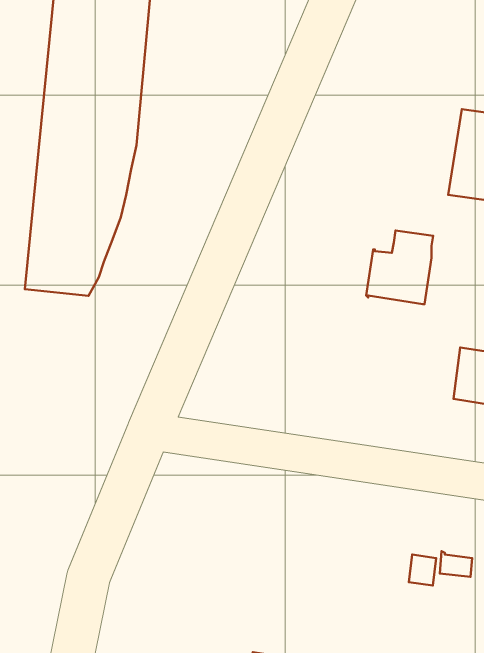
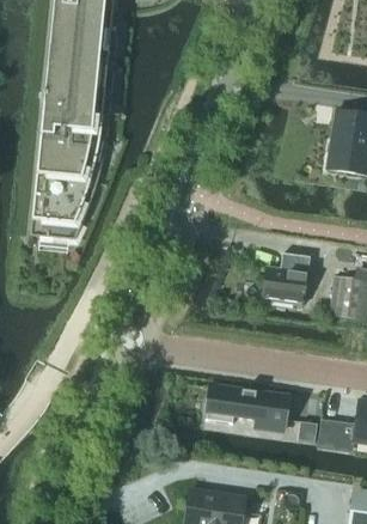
building: [366,231,433,304] -> [262,254,308,305]
building: none -> [206,386,288,431]

